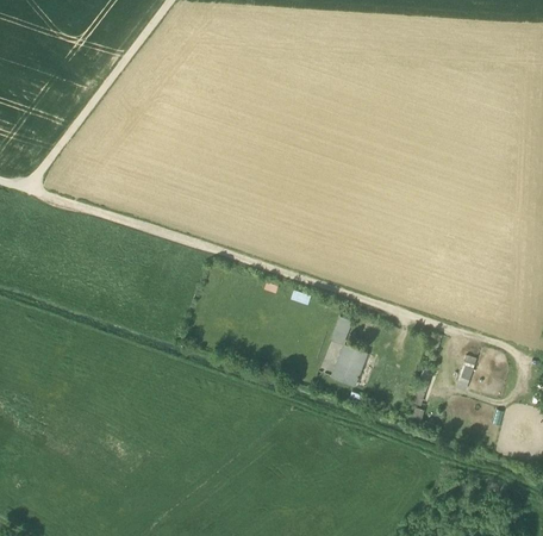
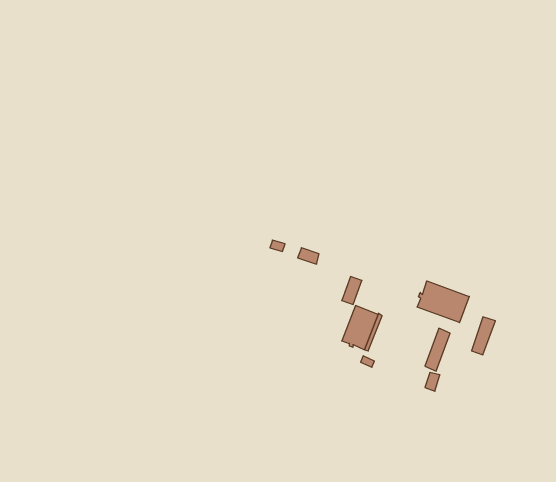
building: none -> [417,281,469,323]

